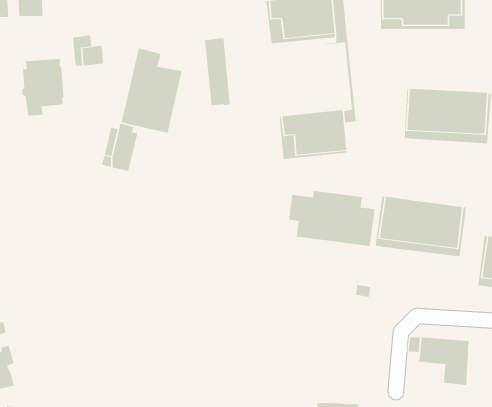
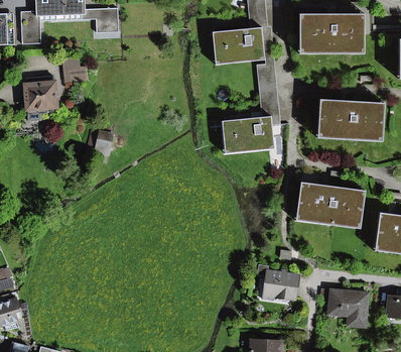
building: [204,38,231,106] -> [257,64,277,116]
building: [121,48,182,133] -> none
building: [288,190,375,247] -> none
building: none -> [258,265,298,302]

